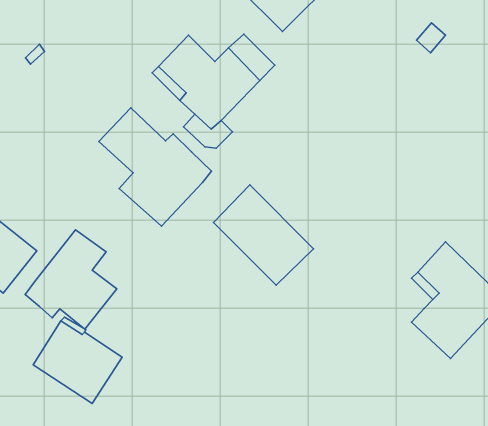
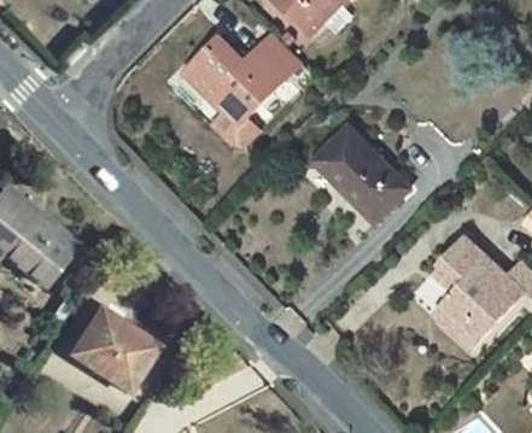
building: [99,108,211,226] -> none
building: [213,185,314,285] -> [314,124,410,221]
building: [25,230,117,329] -> none

